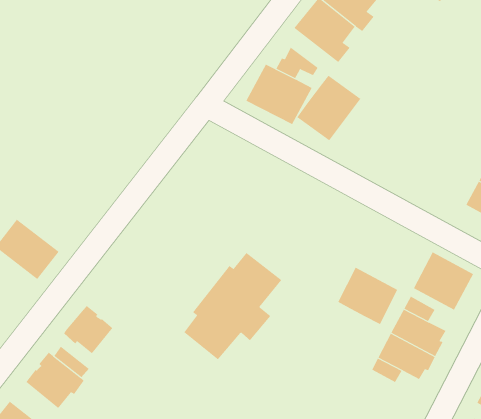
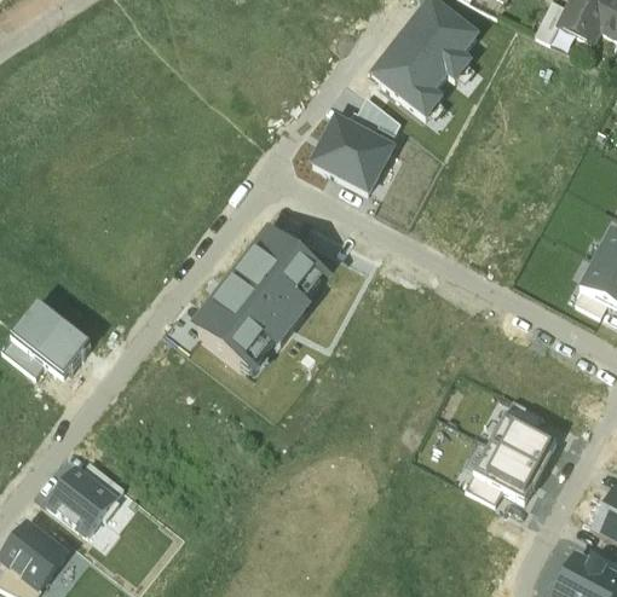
building: [296,75,361,141] -> none
building: [413,252,474,311] -> none
building: [183,252,282,360] -> [198,233,318,364]
building: [338,267,398,325] -> none
building: [63,305,113,354] -> none

